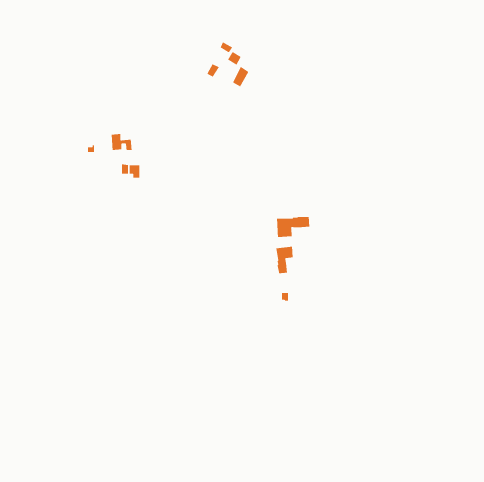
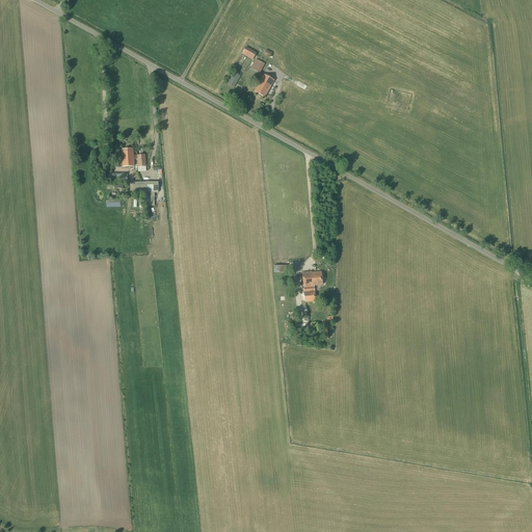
building: [276,216,310,238] -> none

